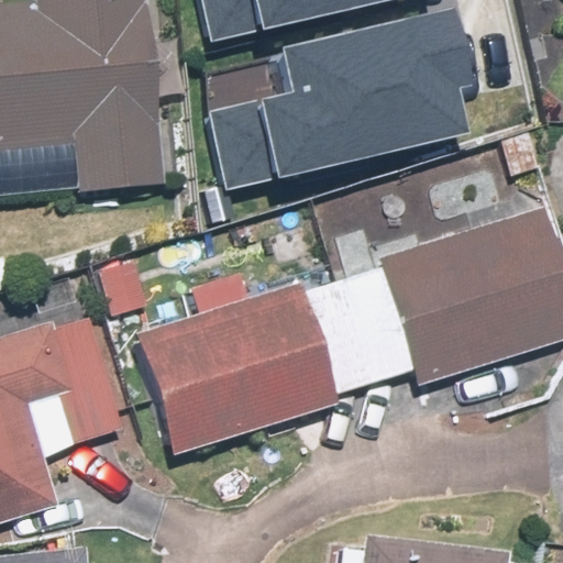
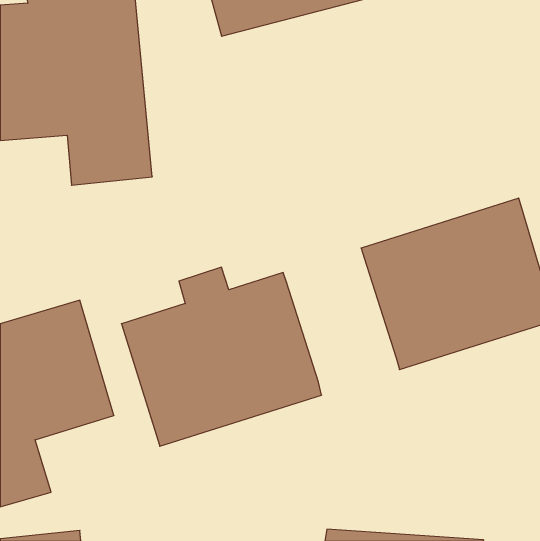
building: [220,29,468,189] -> none
building: [300,266,413,395] -> none

